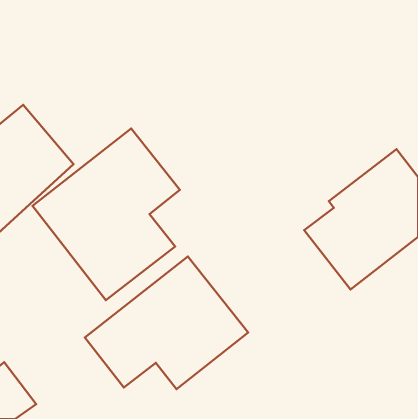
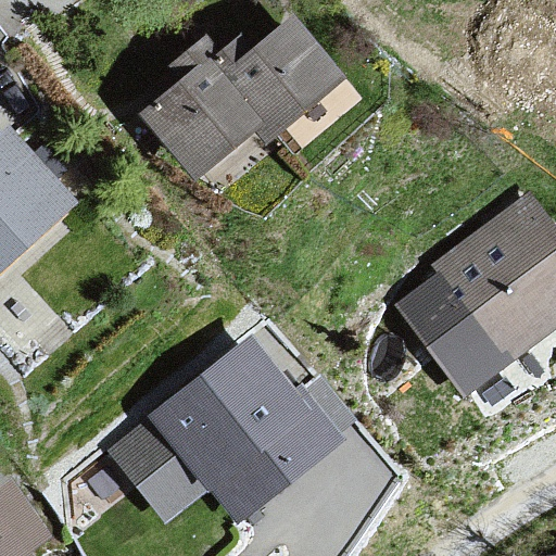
building: none -> [144,14,363,199]
building: [32,128,180,300] -> none

